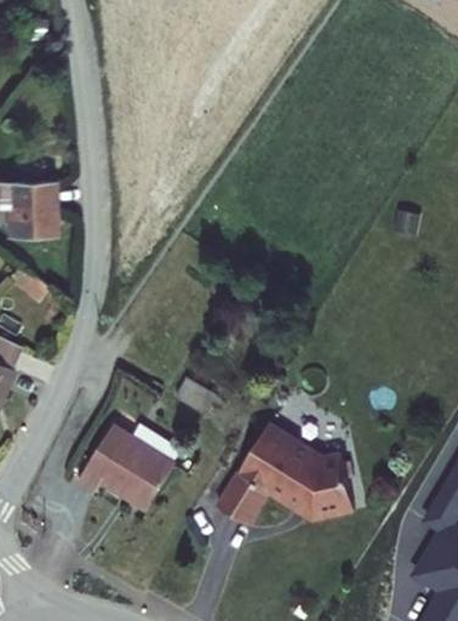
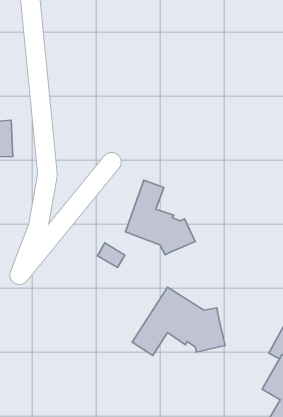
building: none -> [125,180,195,255]
building: [69,418,178,513] -> none

